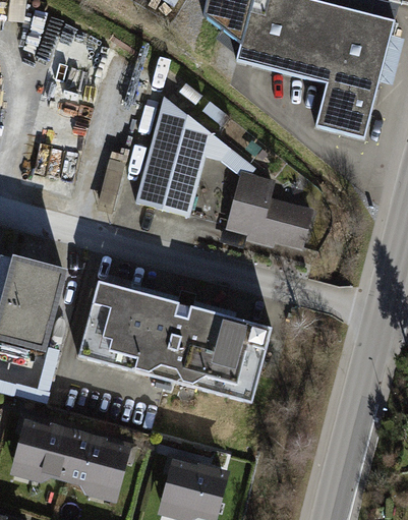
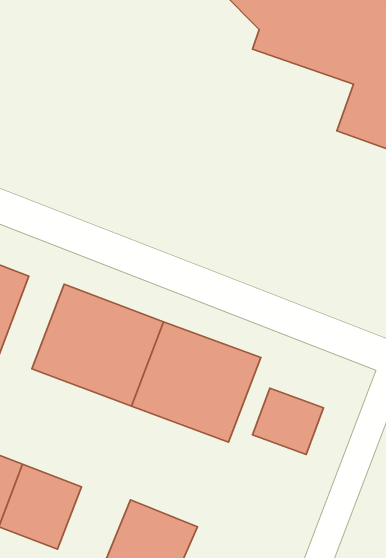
building: [137,98,315,248] -> none
building: none -> [253,388,323,454]

